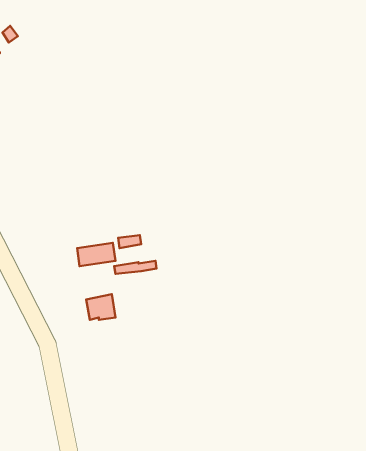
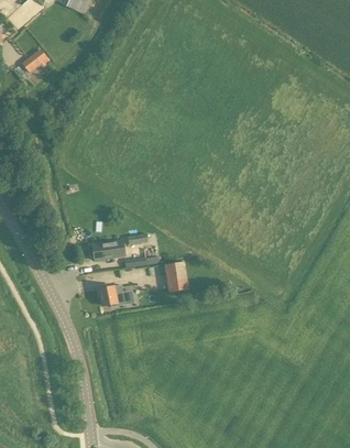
building: none -> [163,260,187,291]

